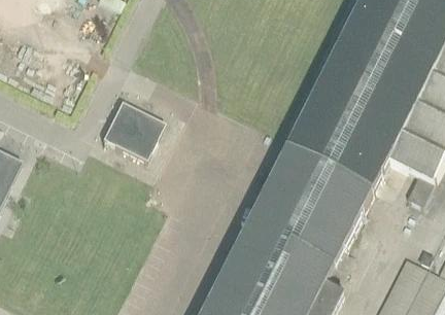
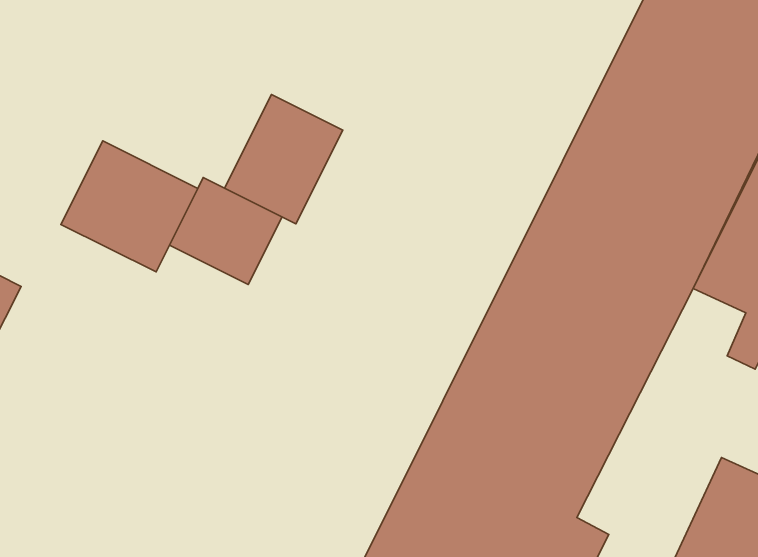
building: none -> [225,95,343,224]
building: none -> [61,141,198,272]

